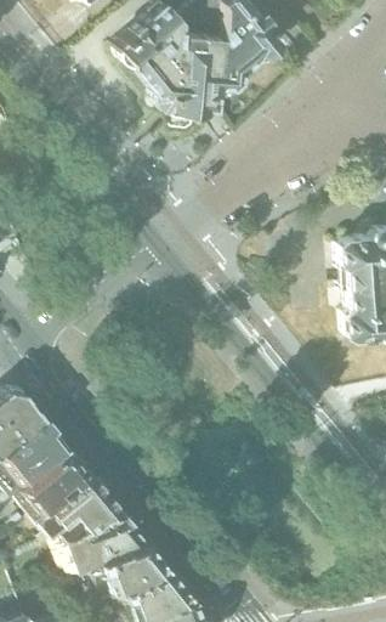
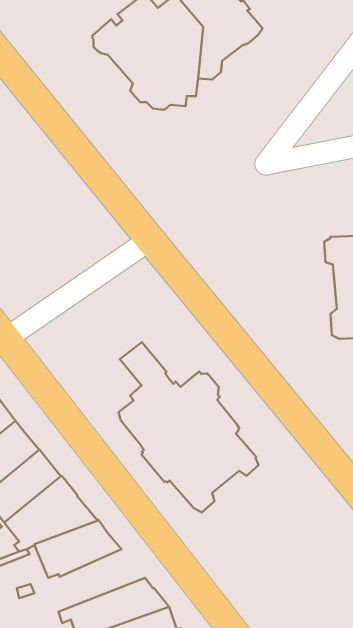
building: none -> [118,342,259,513]
building: [81,537,164,593] -> none

